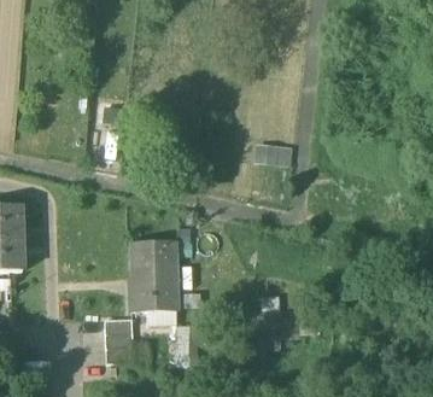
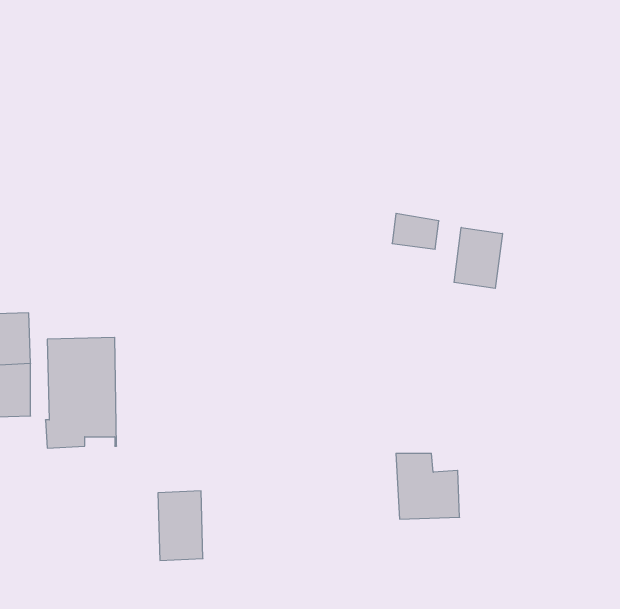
building: none -> [454,227,502,288]
building: [129,240,175,311] -> [45,337,117,448]

